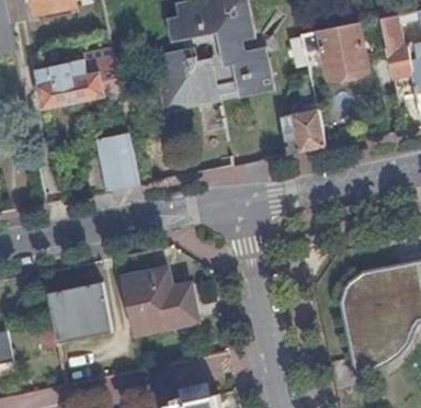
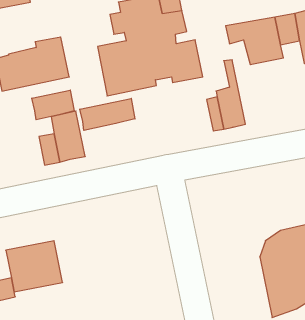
building: none -> [32,90,74,120]
building: none -> [80,98,135,130]
building: [121,268,197,335] -> none

